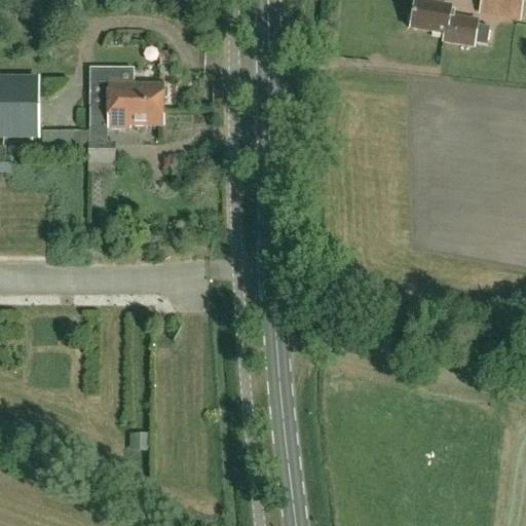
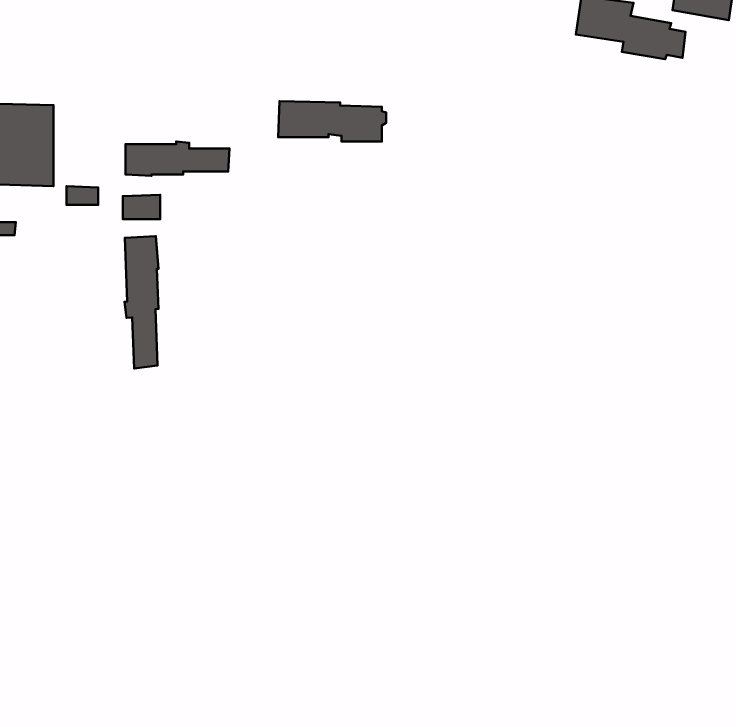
building: [89,77,166,106] -> [278,101,386,141]
building: none -> [124,236,158,369]

